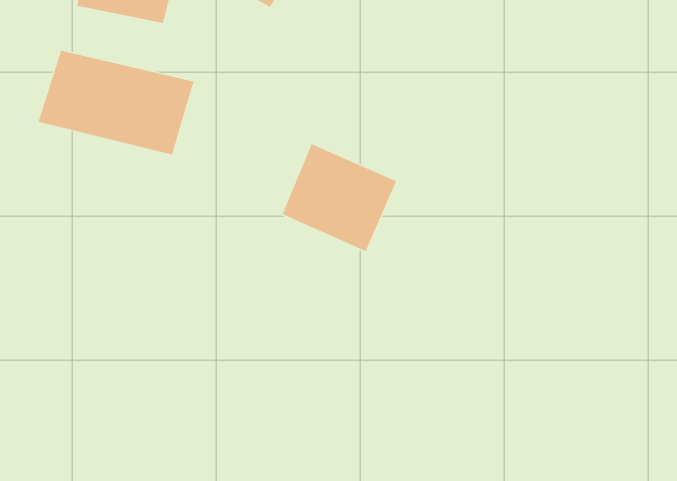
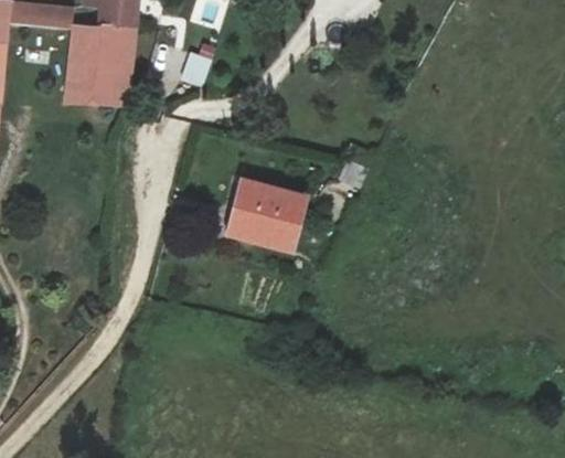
building: [37,50,194,155] -> none

